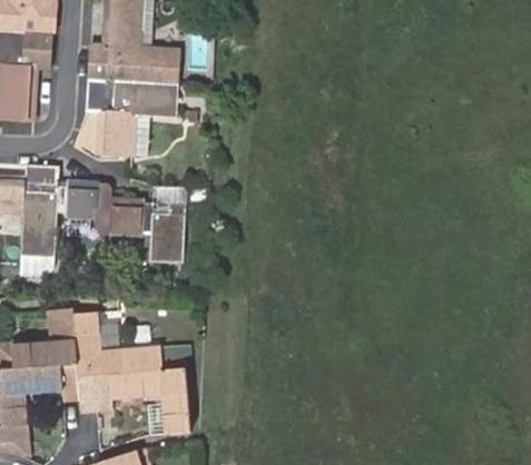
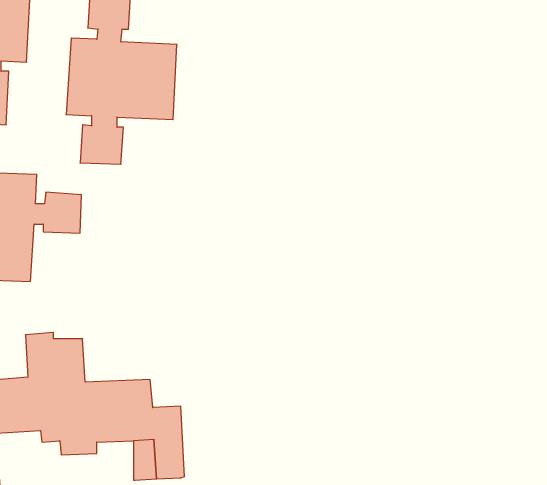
building: [109,186,187,266] -> none

